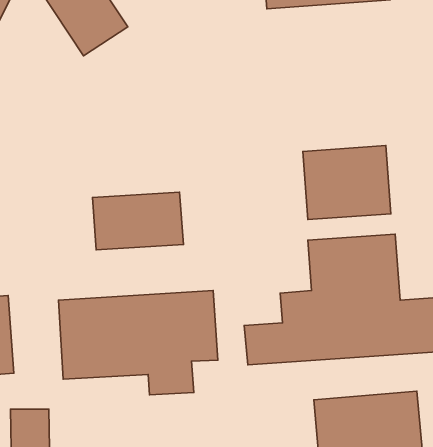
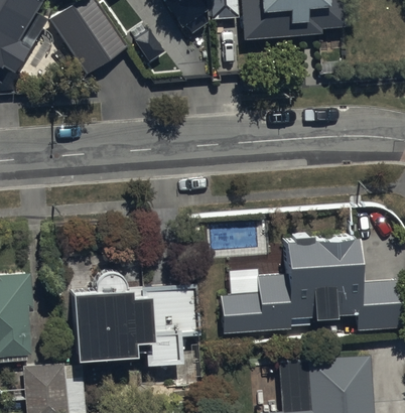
building: [303,146,391,219] -> none
building: [92,192,183,250] -> none

